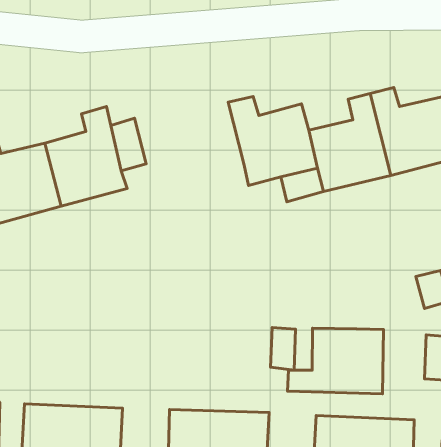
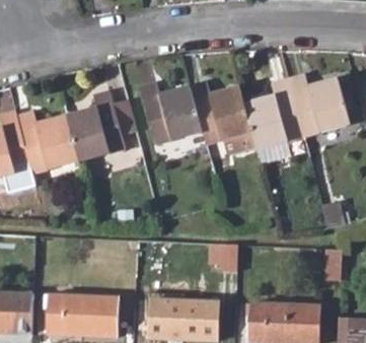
building: none -> [142,82,202,142]
building: [287,328,384,394] -> none

